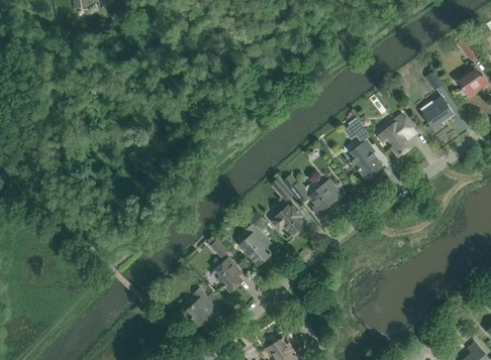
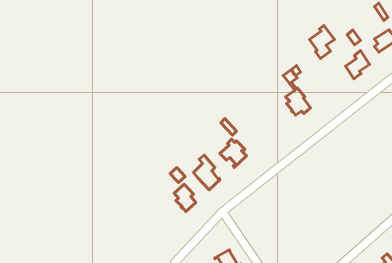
building: [384,115,414,155] -> [310,25,334,59]
building: [283,174,339,211] -> none
building: [186,288,218,326] -> none

